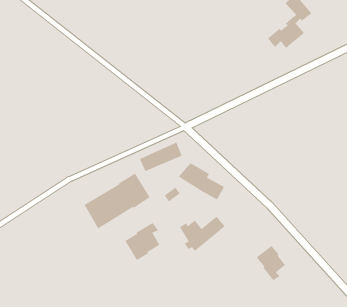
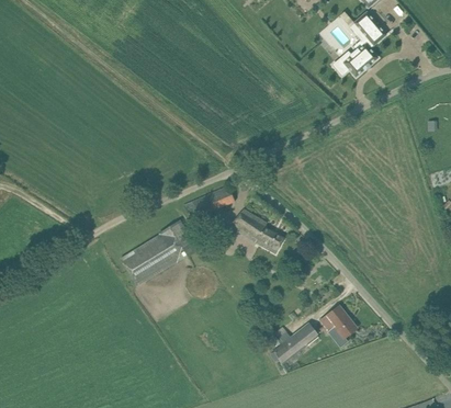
building: [179,216,225,252] -> [264,321,318,363]
building: [124,222,160,261] -> none

